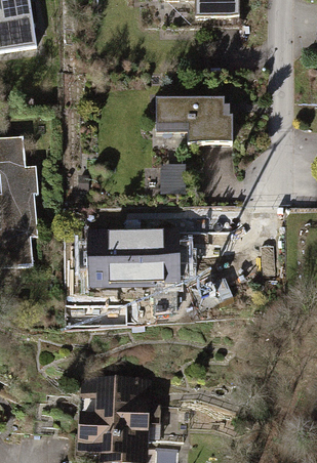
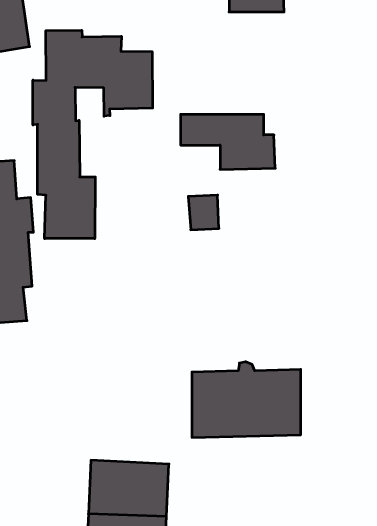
building: none -> [33,30,153,239]
building: [88,223,175,284] -> [192,362,301,437]

